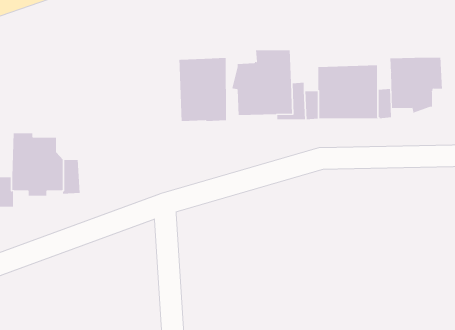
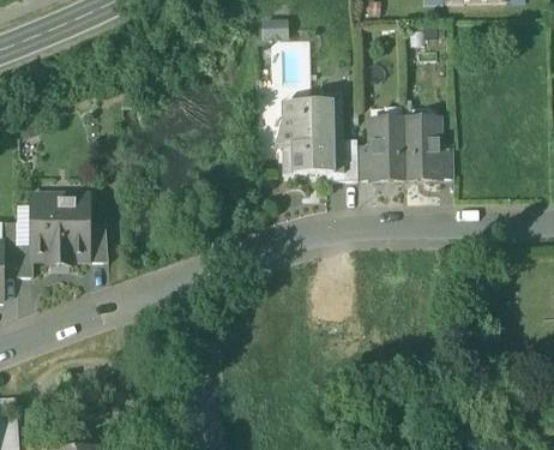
building: [390,57,443,113] -> none
building: [179,57,227,122] -> none

